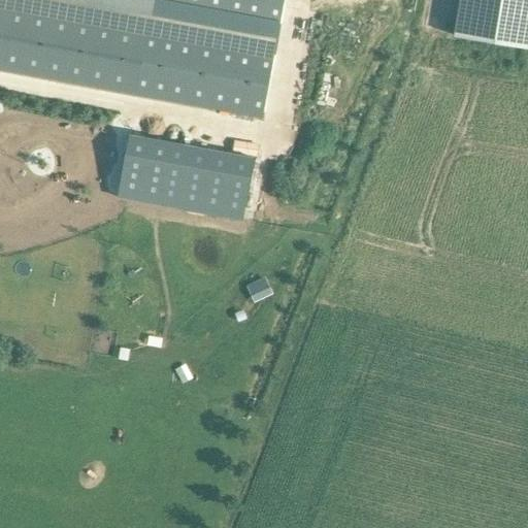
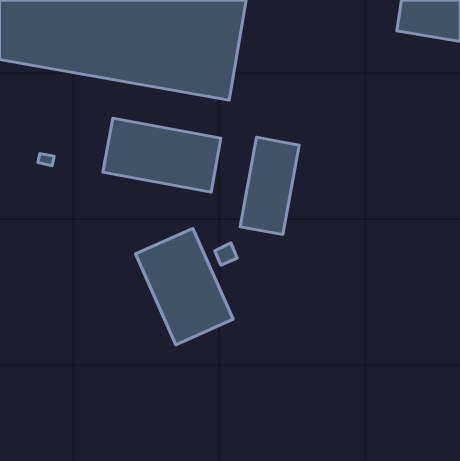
building: none -> [240,137,299,235]
building: none -> [135,228,233,345]

